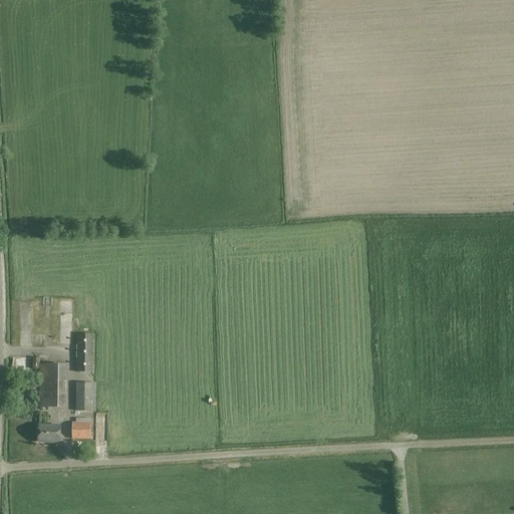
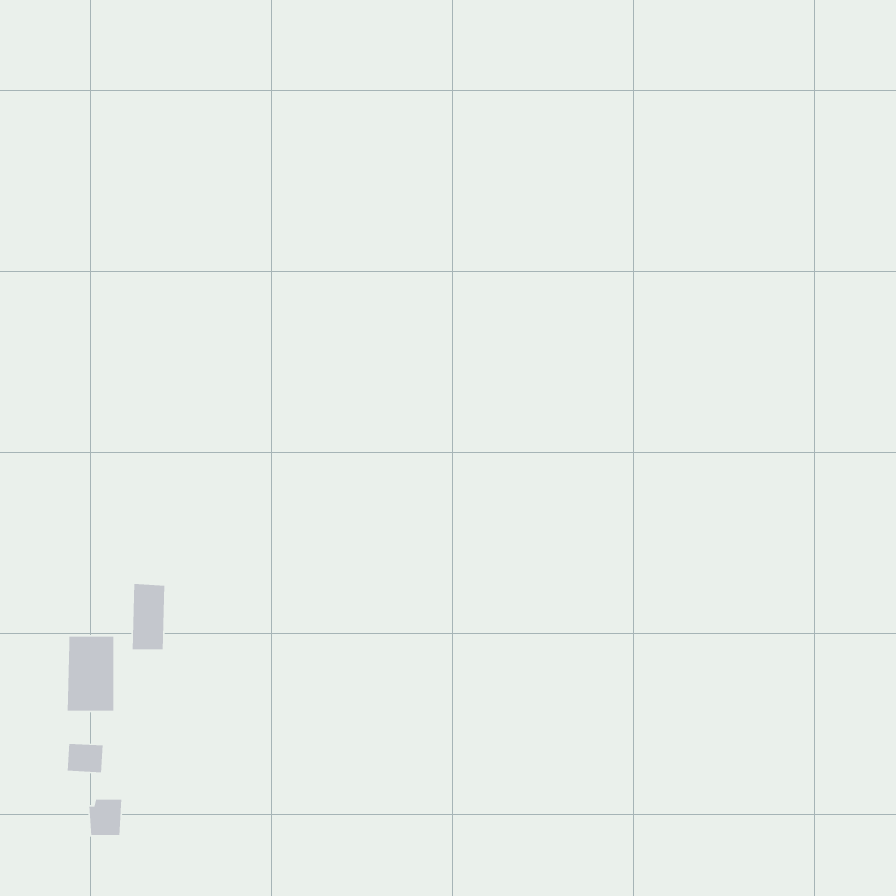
building: [75,381,92,411] -> none
building: [71,418,90,439] -> [89,799,122,836]

